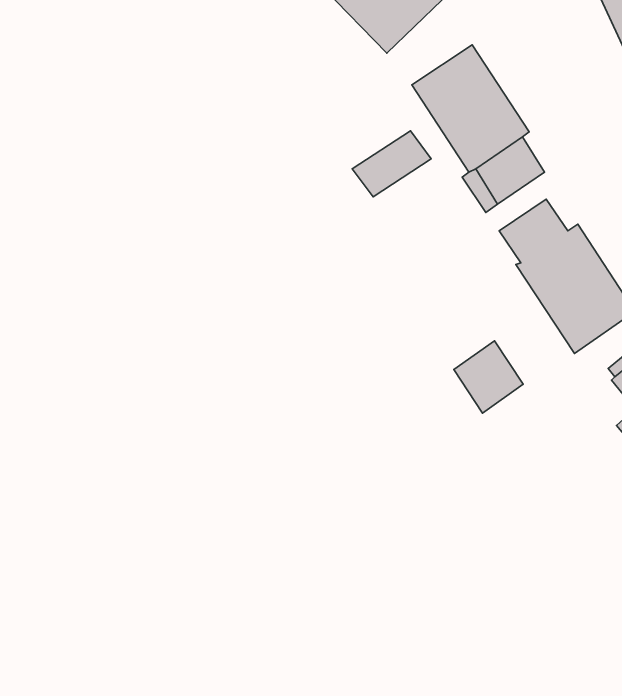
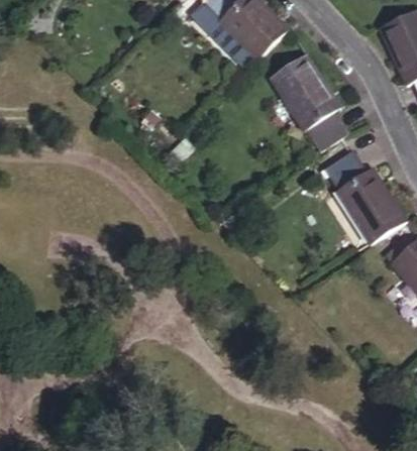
building: [352,131,431,197] -> none
building: [454,341,523,413] -> none

